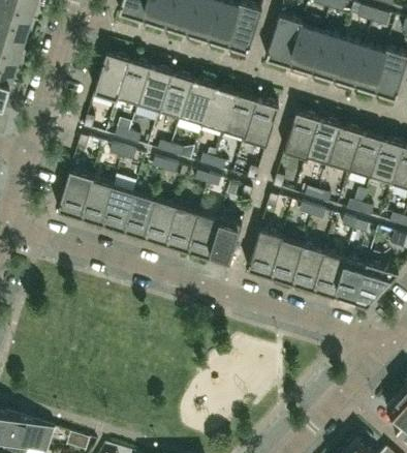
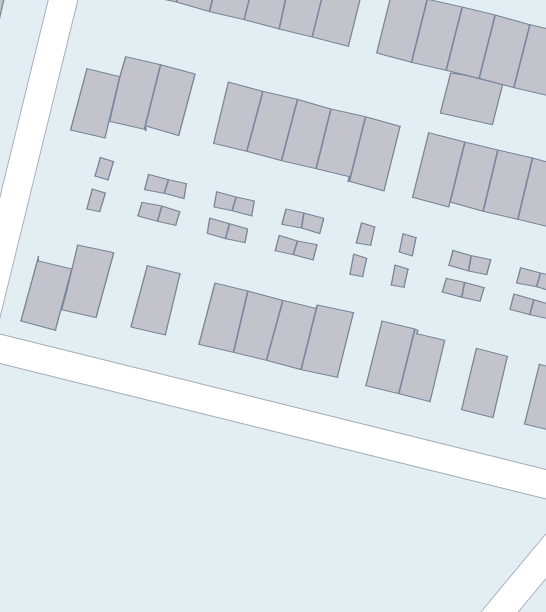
building: [138,65,171,110] -> [71,69,120,138]
building: none -> [441,73,502,125]
building: [80,176,114,223] -> [21,256,72,330]
building: [123,191,156,237] -> none
building: [288,243,319,288] -> none
building: [327,255,358,299] -> none

